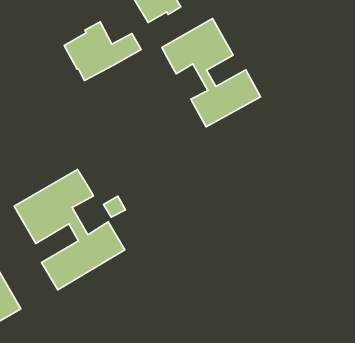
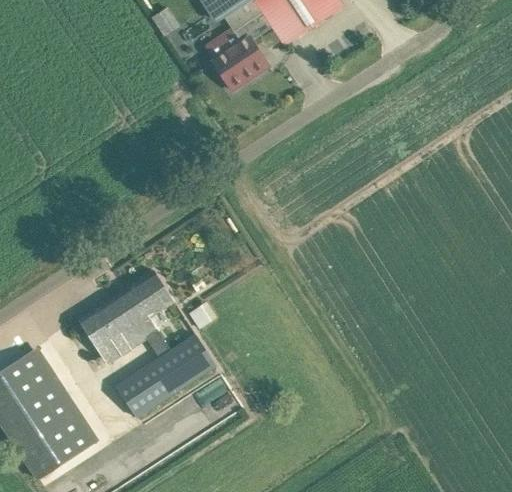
building: [162,19,260,127] -> none
building: [64,22,141,81] -> none

